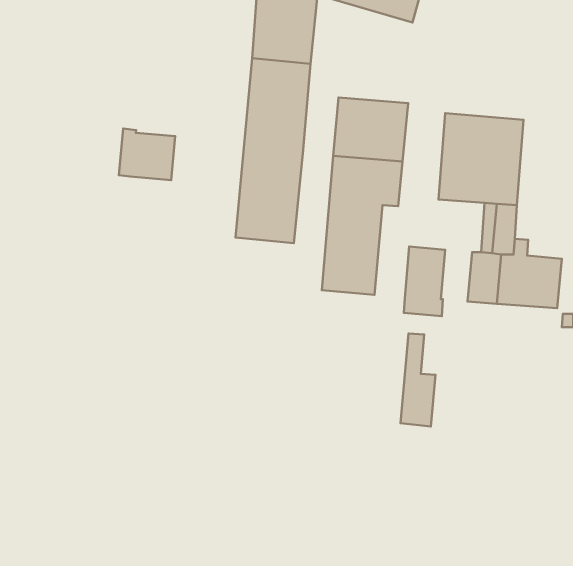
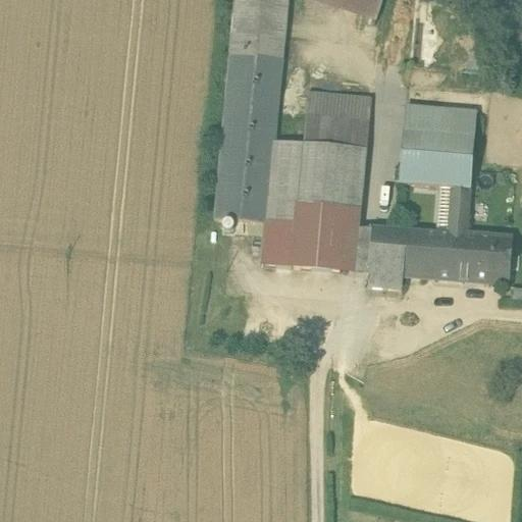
building: [119,128,175,180] -> none
building: none -> [264,140,303,264]
building: none -> [401,227,429,274]
building: [401,333,435,426] -> [341,187,372,271]

